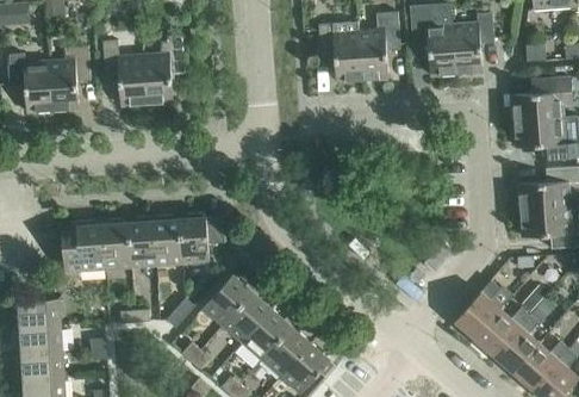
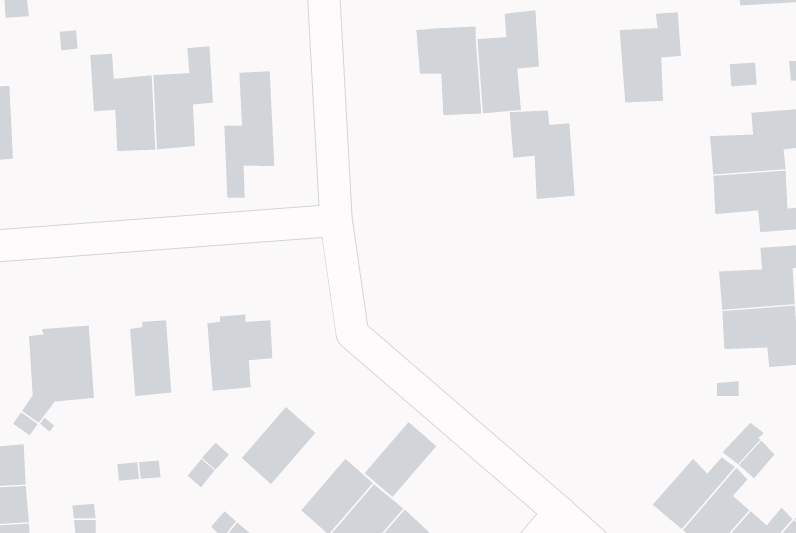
building: [412,17,456,76] -> [509,110,575,200]
building: [50,46,91,111] -> none
building: none -> [224,70,275,198]
building: [154,216,183,266] -> none
building: [102,219,132,269] -> none
building: [455,280,502,340] -> none
building: [223,292,272,343] -> [364,421,437,498]

